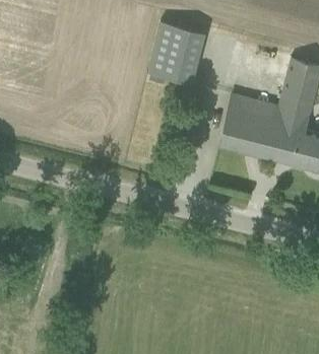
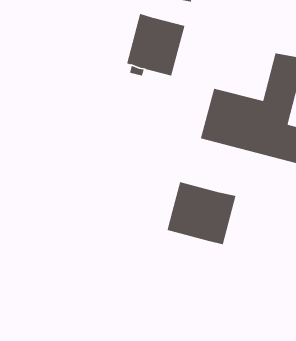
building: none -> [167,181,236,245]

